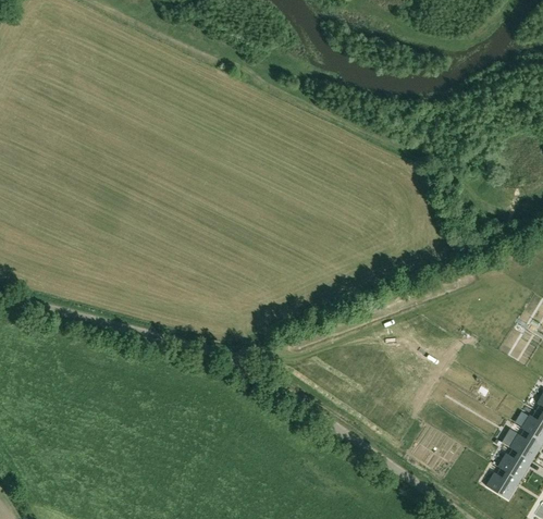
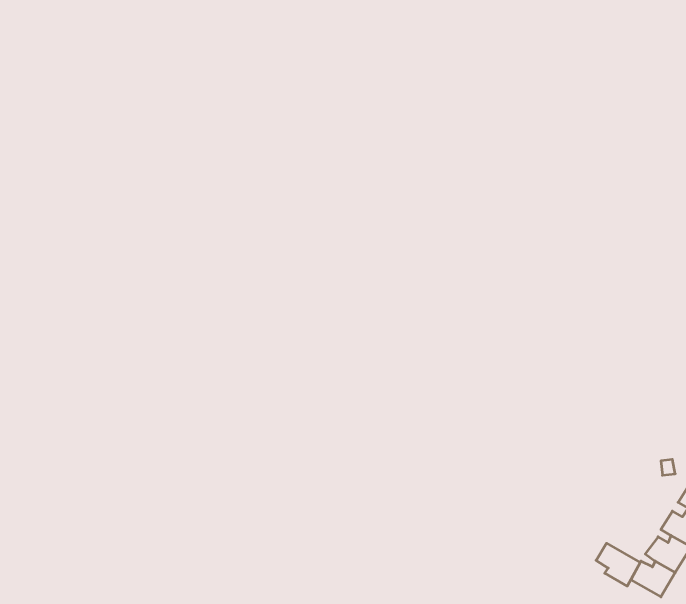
building: none -> [596,543,640,586]

